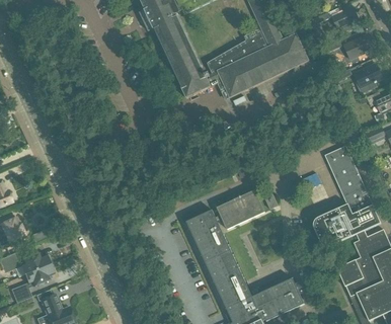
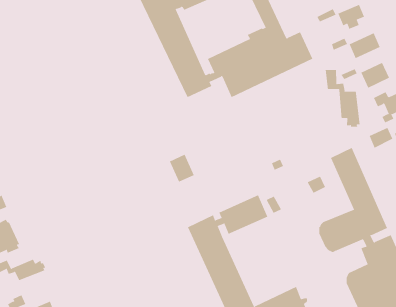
building: none -> [325,69,360,127]
building: none -> [169,154,195,183]
building: [24,263,54,286] -> none

